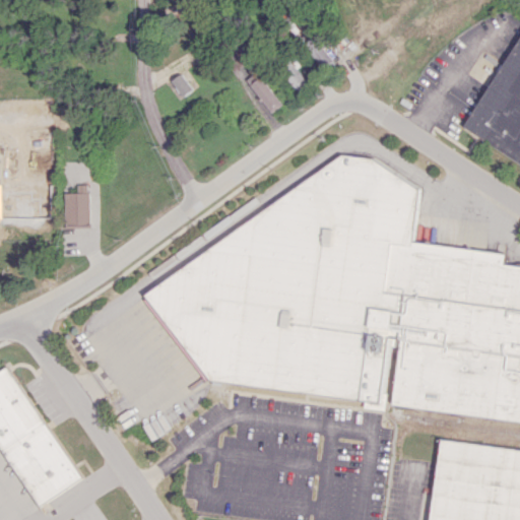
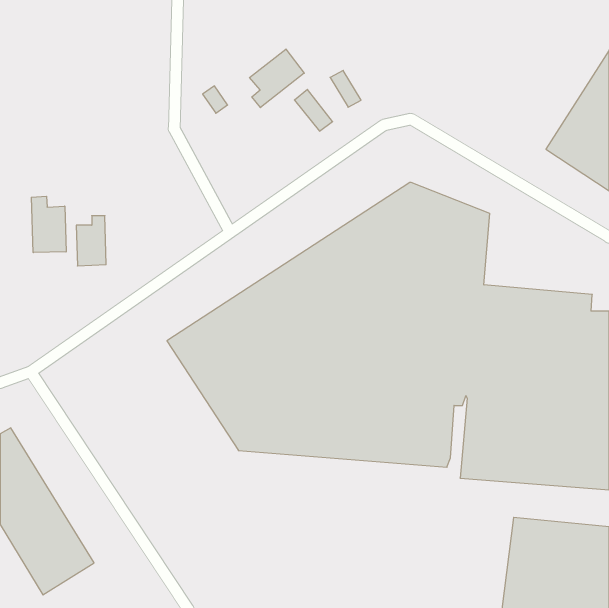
building: none -> [250,49,304,108]
building: none -> [31,196,66,253]

